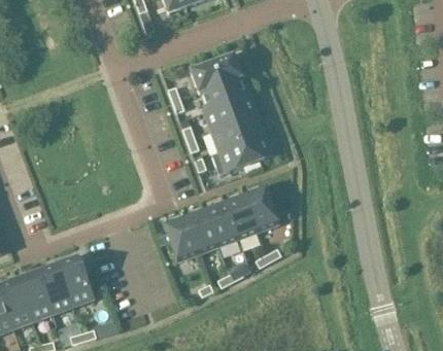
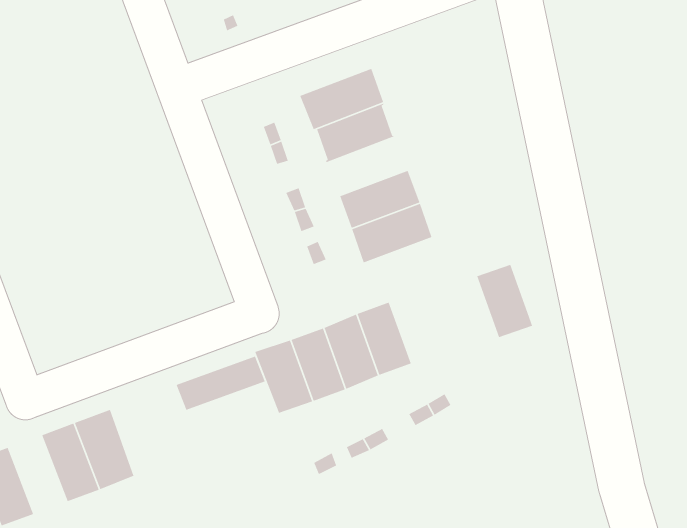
building: [206,95,254,130] -> none
building: [243,185,277,230] -> [476,264,533,338]
building: none -> [175,355,266,411]
building: [16,272,52,319] -> none

